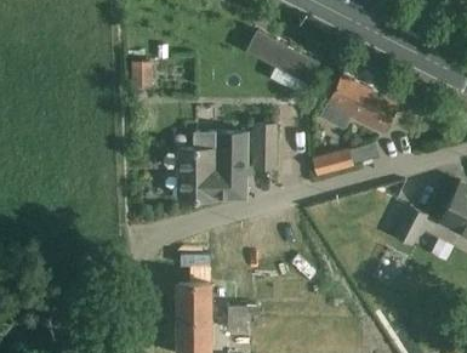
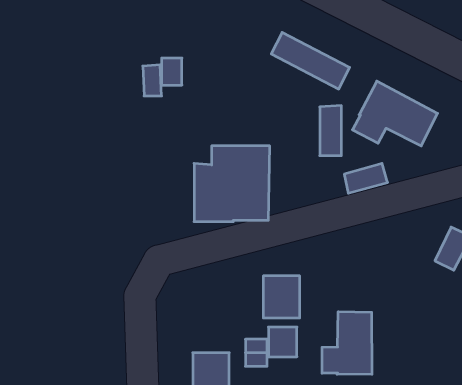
building: [255,124,274,169] -> [320,106,341,156]
building: [177,280,210,318] -> [263,276,300,318]
building: none -> [322,312,372,374]

